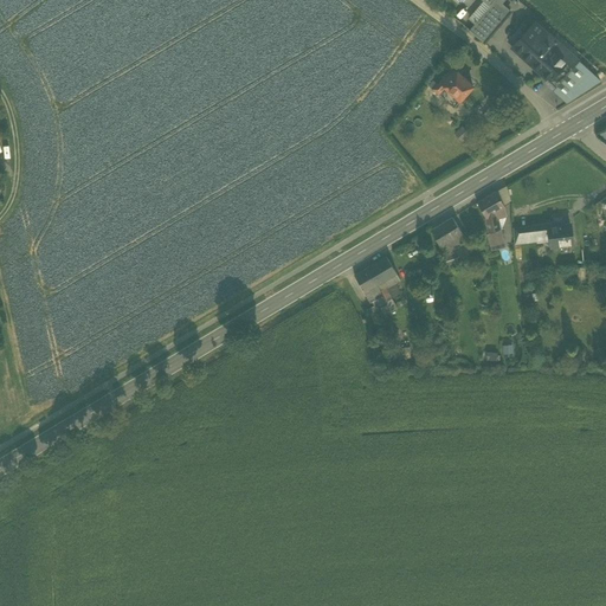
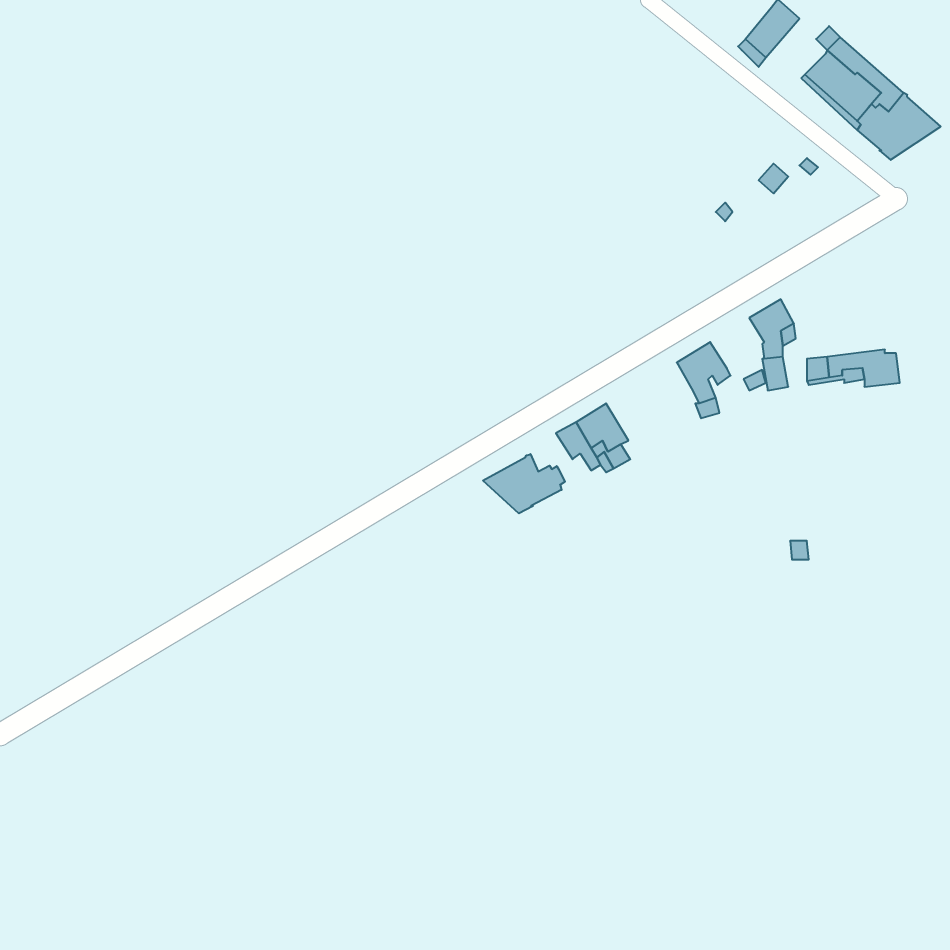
building: [433,67,472,101] -> none
building: none -> [483,454,565,513]

